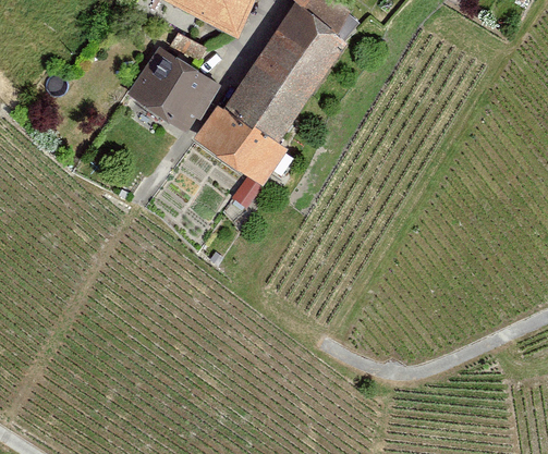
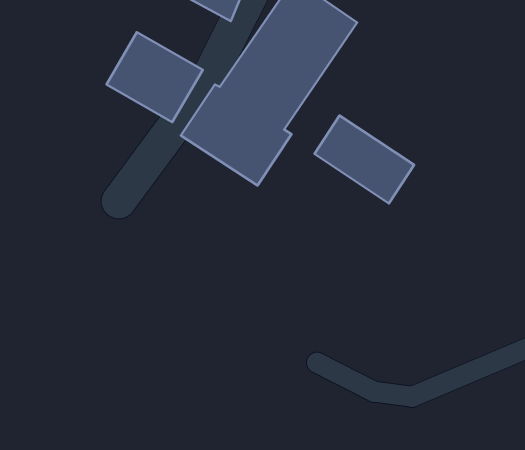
building: none -> [314,115,414,203]

